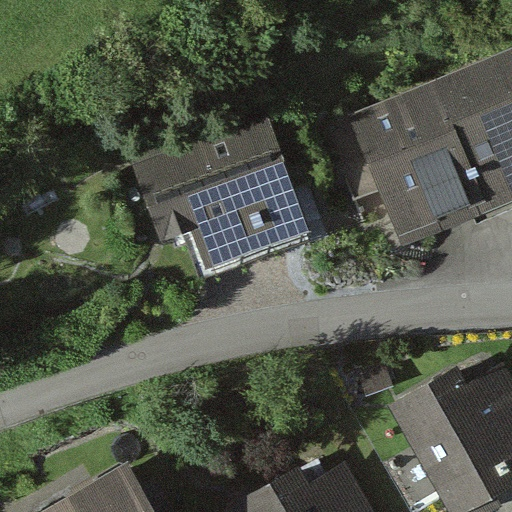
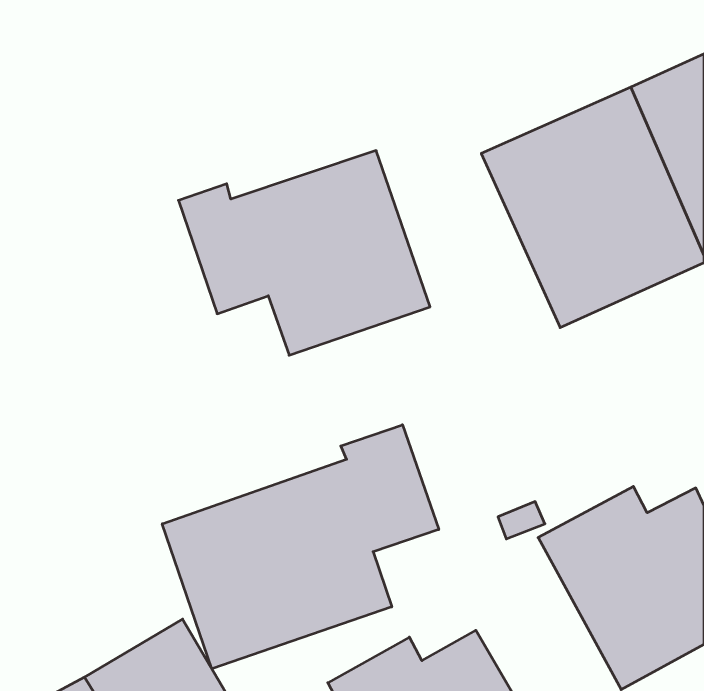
building: none -> [162,425,439,669]

